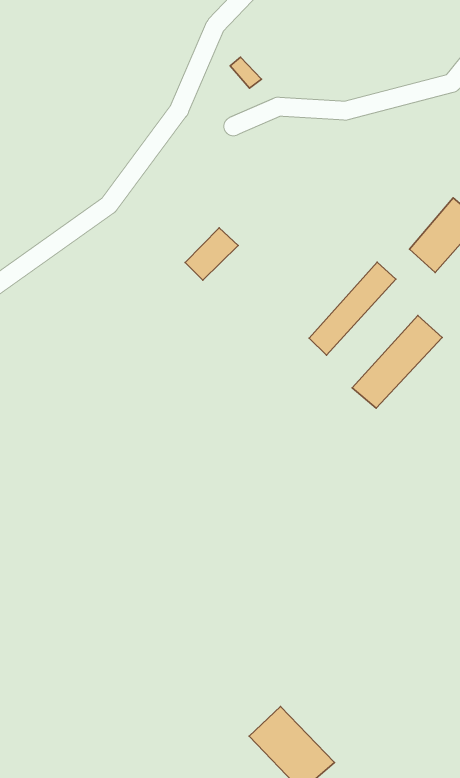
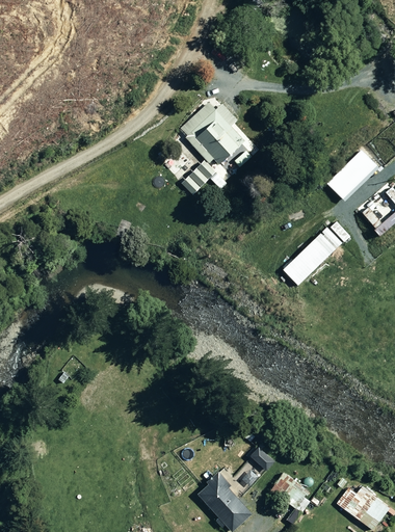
building: none -> [186,103,245,165]
building: [309,262,396,355] -> none

